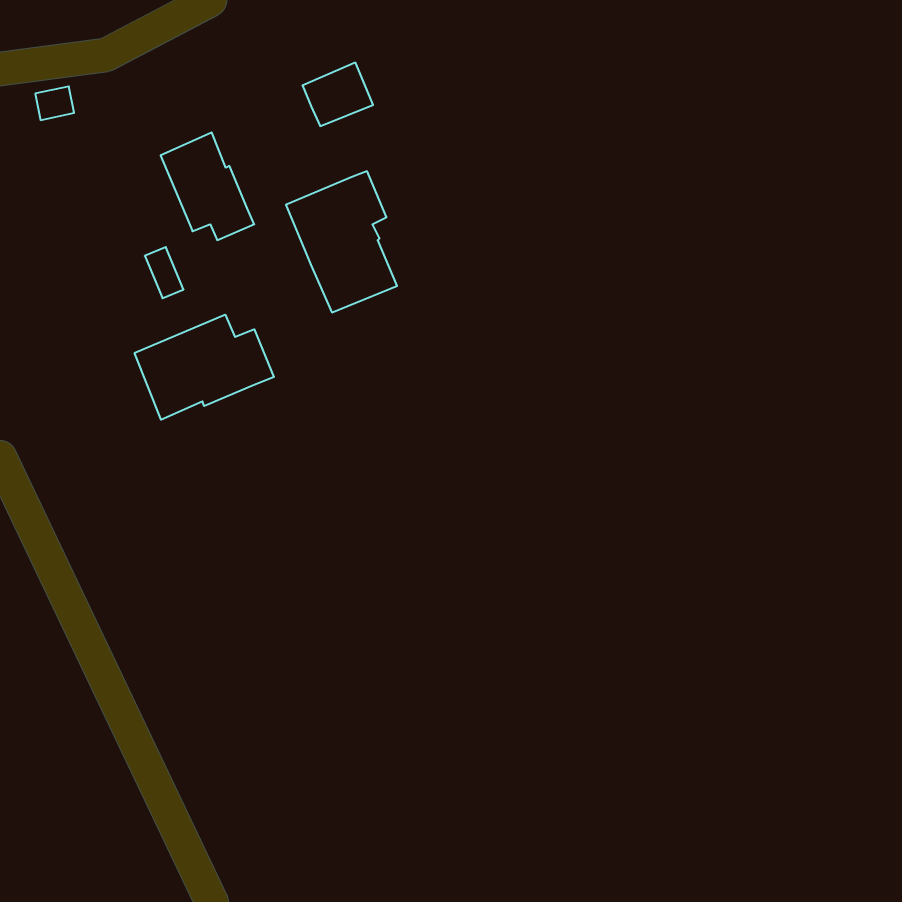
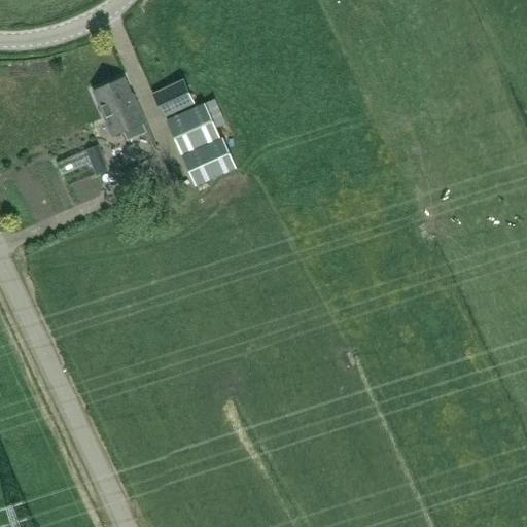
building: [302,63,373,126] -> [153,79,195,116]
building: [135,315,274,420] -> none

